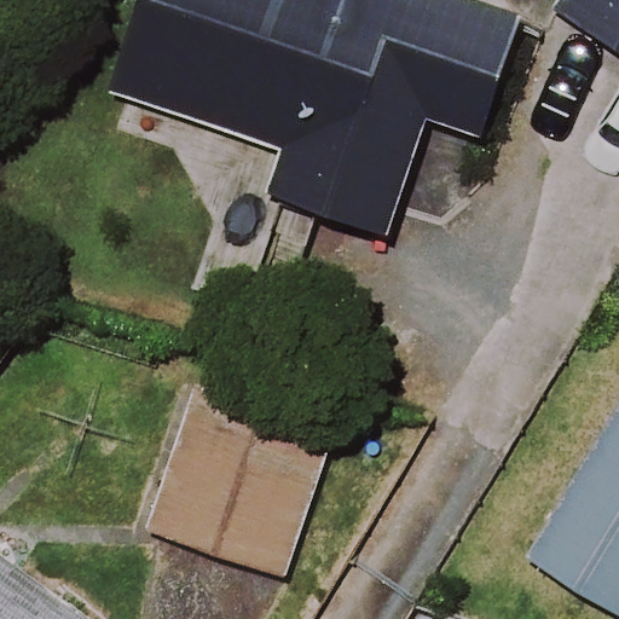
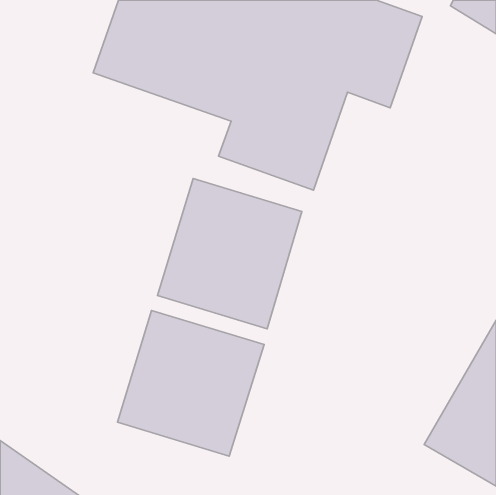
building: none -> [158,178,302,329]

